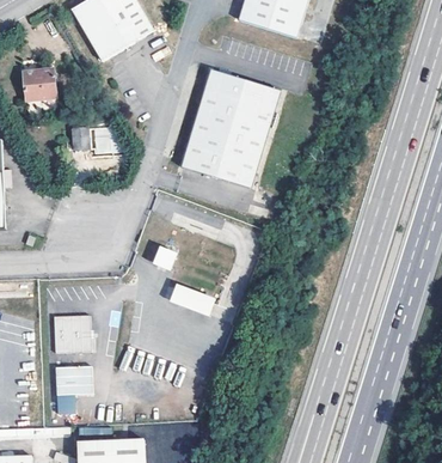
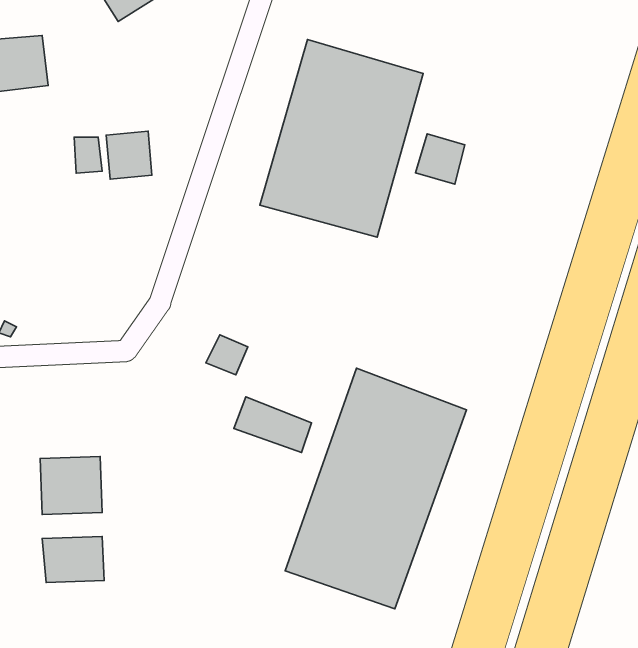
building: none -> [416,134,465,184]
building: none -> [285,368,466,609]

